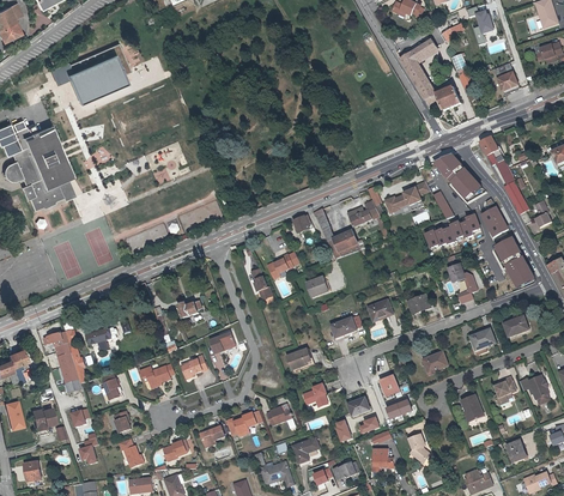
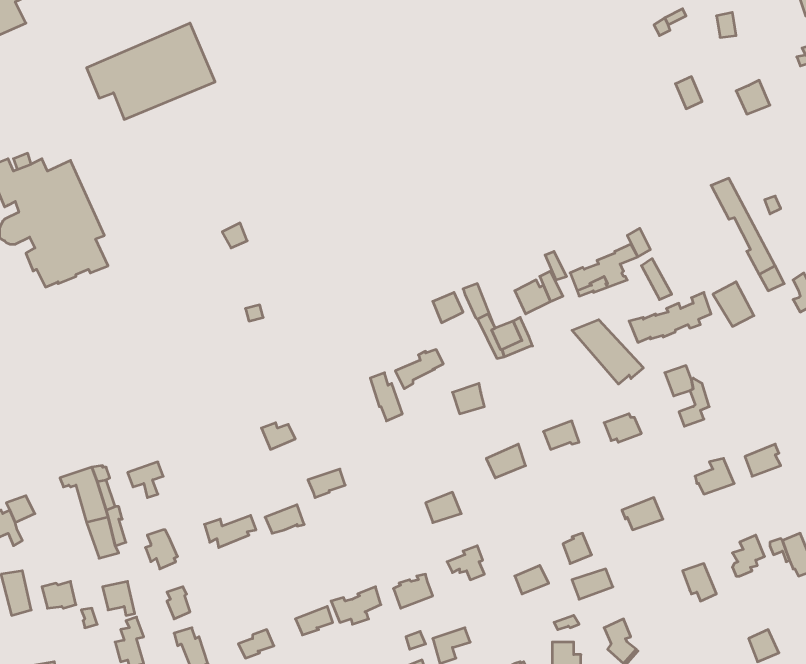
building: [396,41,459,113] -> none
building: [433,155,481,198] -> [572,320,643,384]
building: [496,237,533,285] -> none

